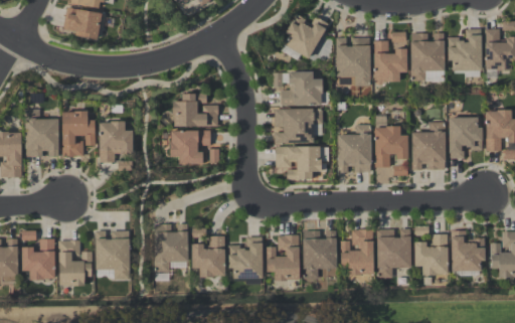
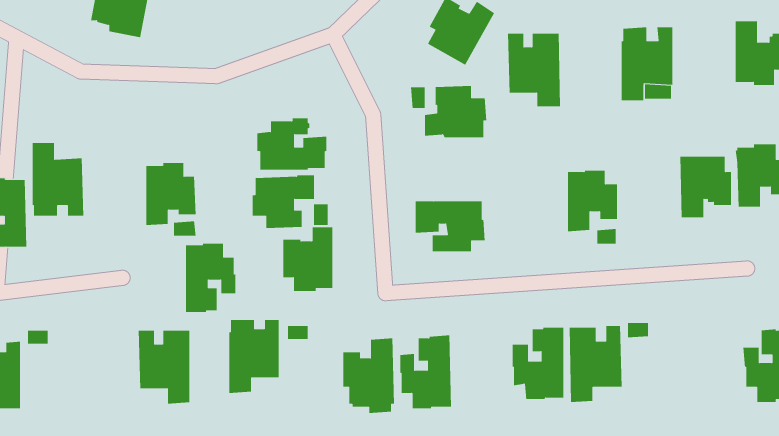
building: [448,29,483,71] -> none
building: [373,40,407,83] -> none
building: [275,108,323,144] -> none
building: [62,112,96,157] -> [185,243,236,312]
building: [412,122,446,169] -> none
building: [338,124,371,172] -> none
building: [303,230,337,279] -> none
building: [452,230,485,272] -> none
building: [414,234,448,277] -> none
building: [191,236,224,279] -> [283,227,333,292]
building: [22,239,55,281] -> none
building: [59,240,93,287] -> none

